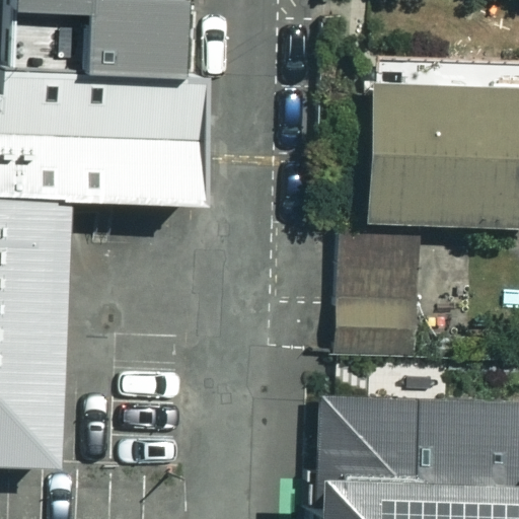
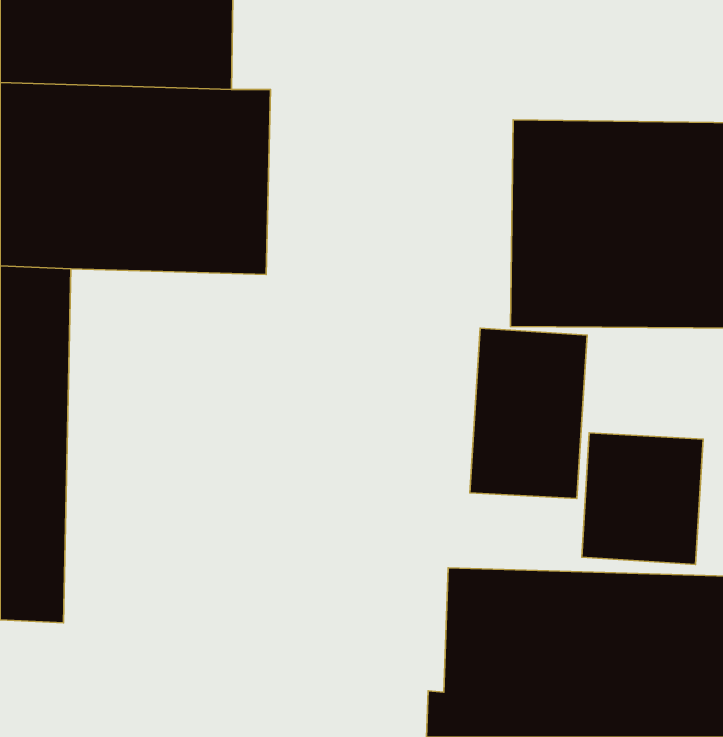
building: none -> [582,433,703,565]

